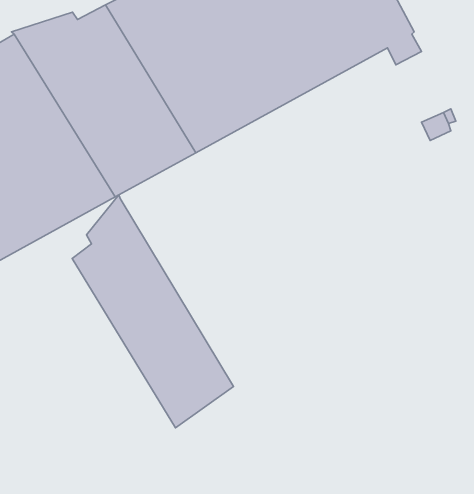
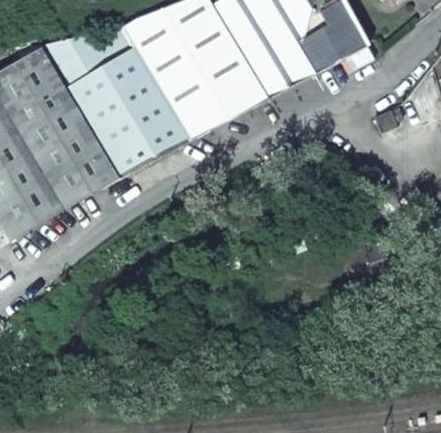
building: [72,195,233,428] -> none

